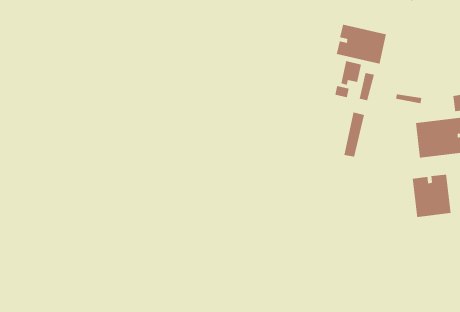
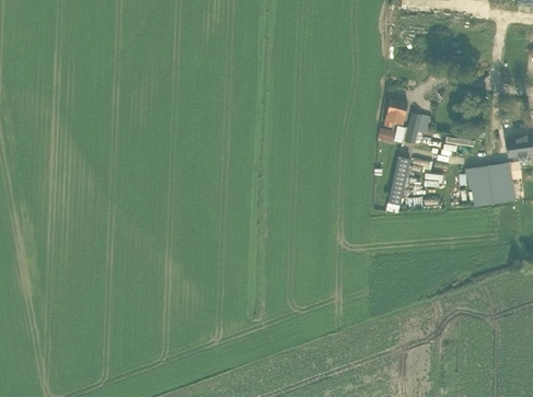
building: [336,24,387,64] -> none
building: [412,174,451,218] -> none

